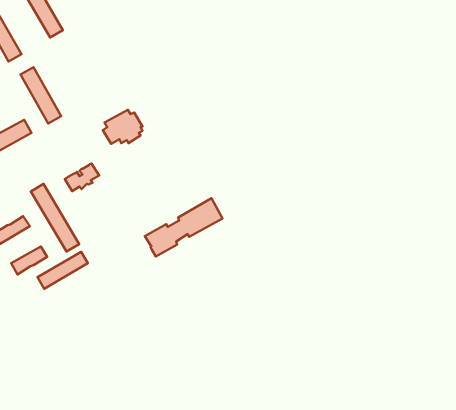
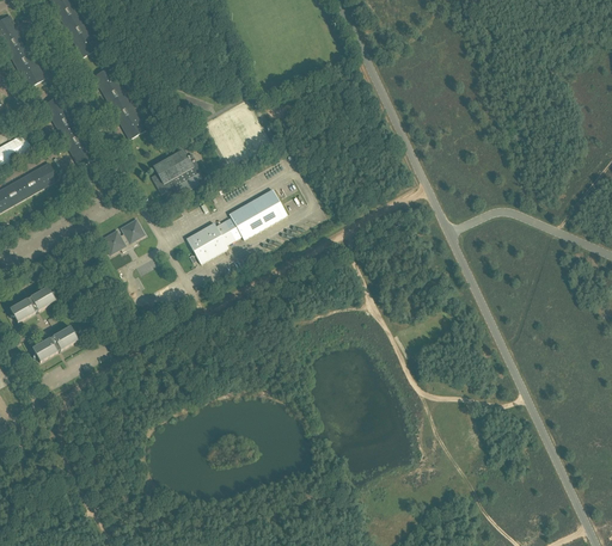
building: none -> [92,65,145,137]
building: [31,184,79,252] -> none
building: [145,198,223,256] -> [185,188,286,263]
building: [37,252,88,289] -> none

